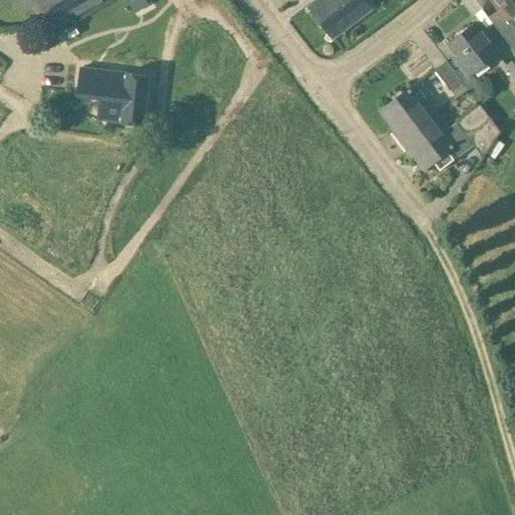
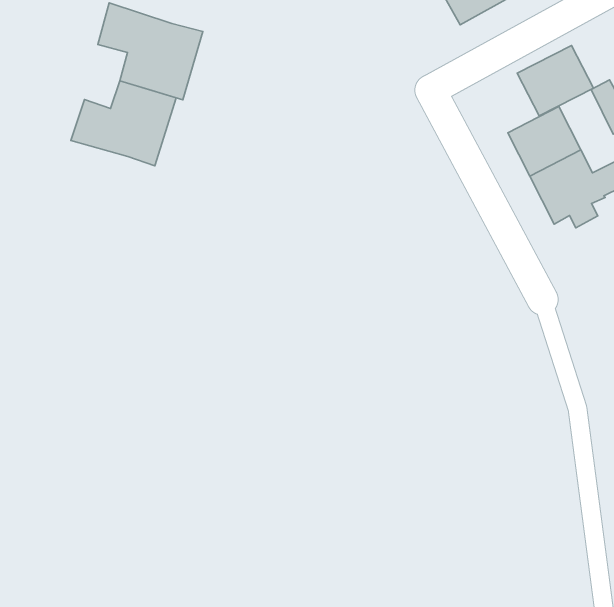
building: none -> [517,46,594,116]
building: none -> [71,81,176,166]

